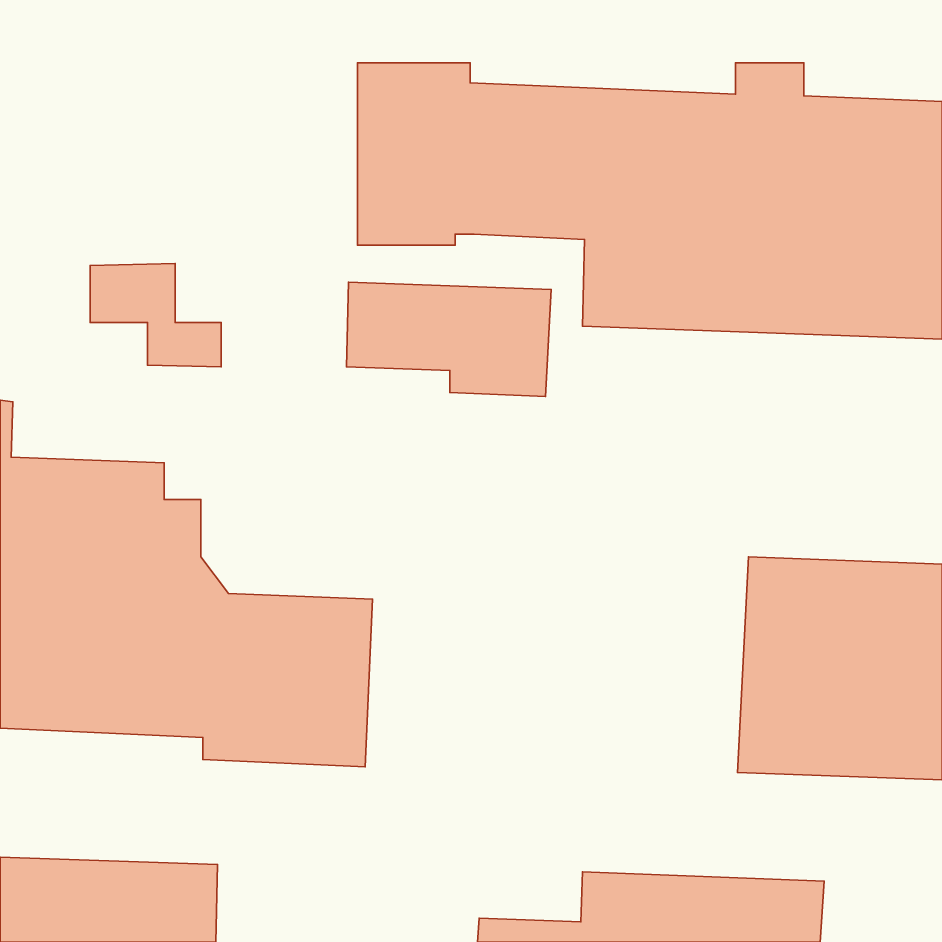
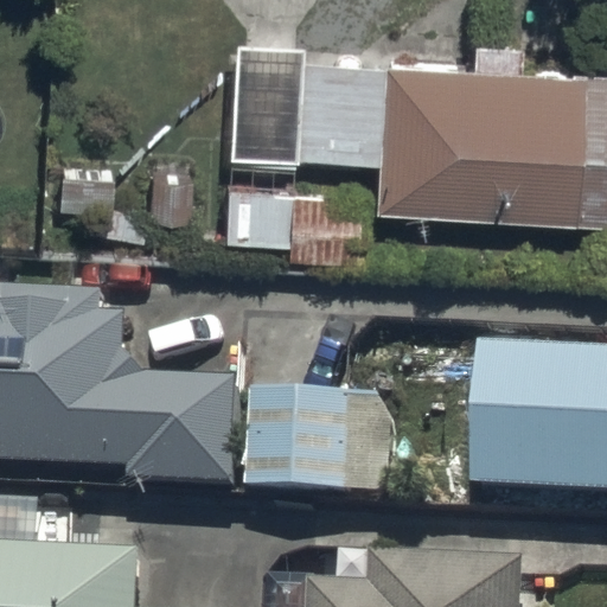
building: none -> [244,396,397,499]

